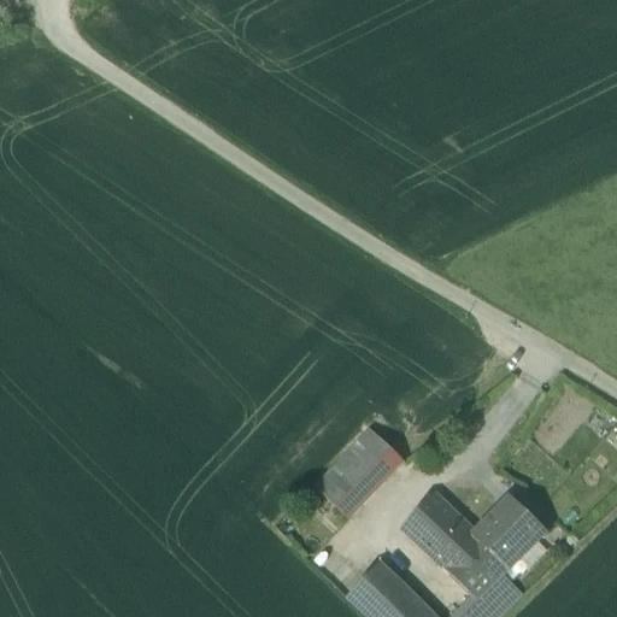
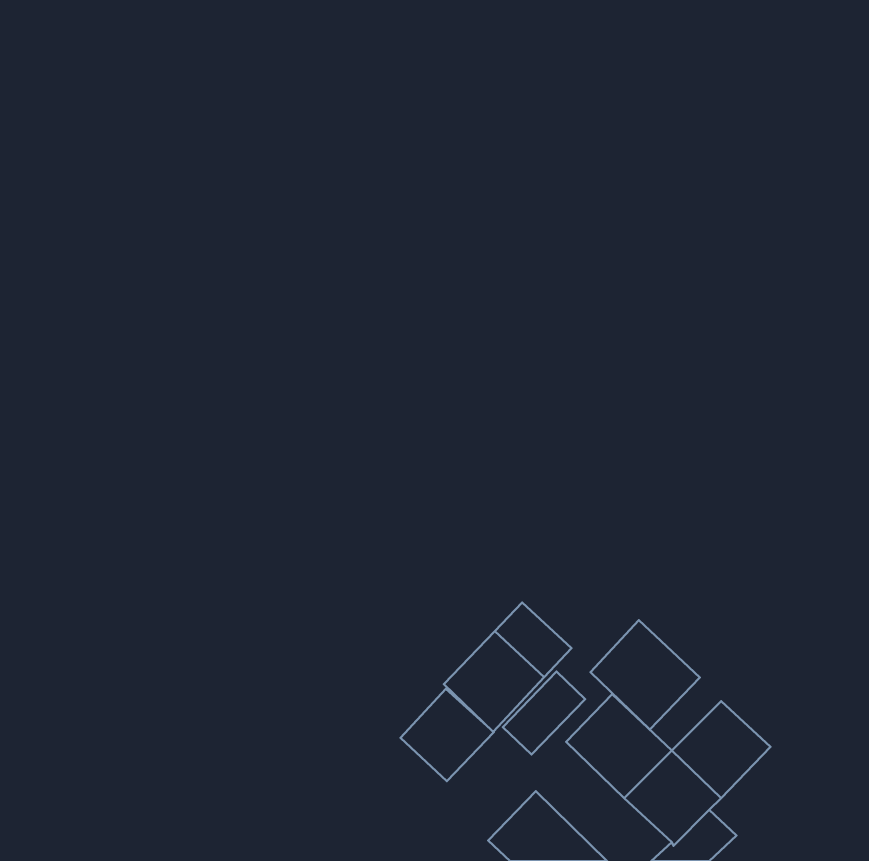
building: none -> [591,620,700,730]
building: none -> [503,672,585,755]
building: none -> [401,689,494,781]

